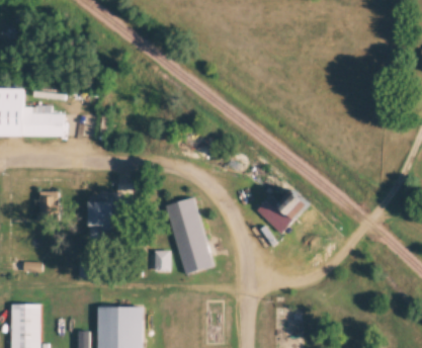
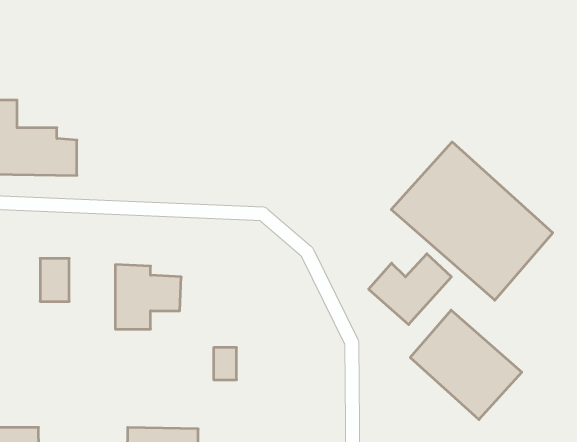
building: none -> [391,142,553,300]
building: [168,198,212,275] -> none
building: none -> [410,310,522,420]

